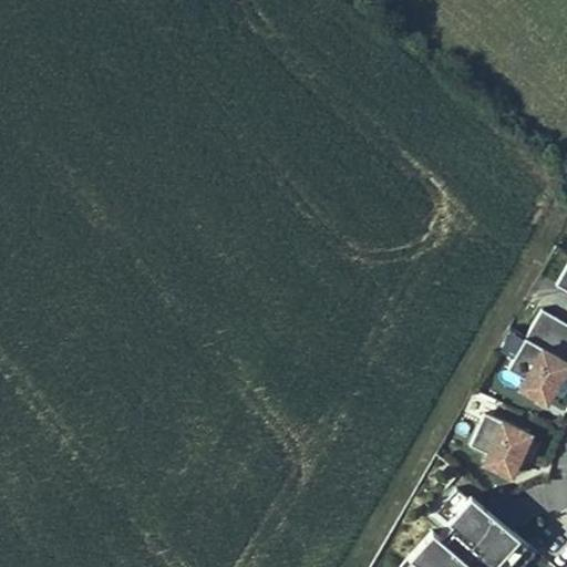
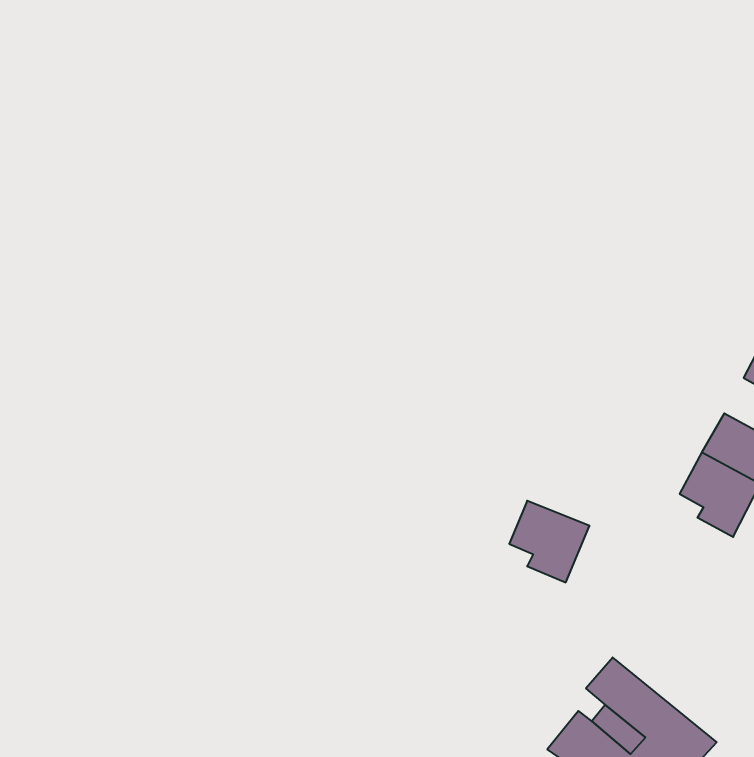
building: [474,419,534,480] -> [509,501,590,582]

